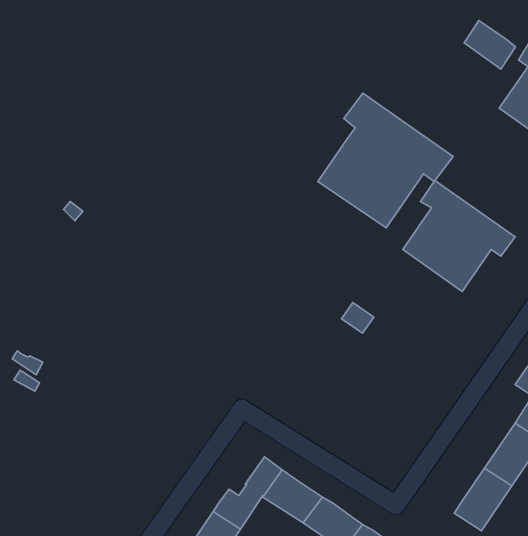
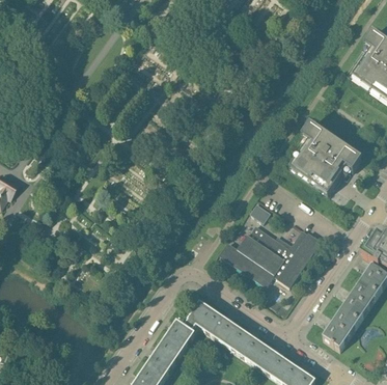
building: [464,20,515,69] -> none
building: [318,93,453,228] -> none
building: none -> [220,222,321,284]

